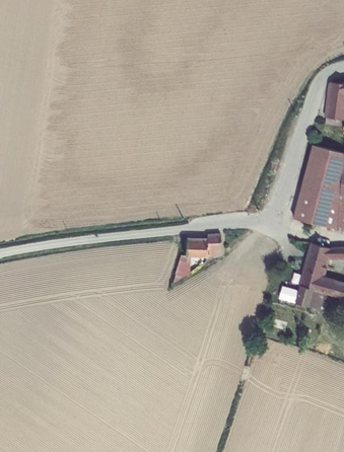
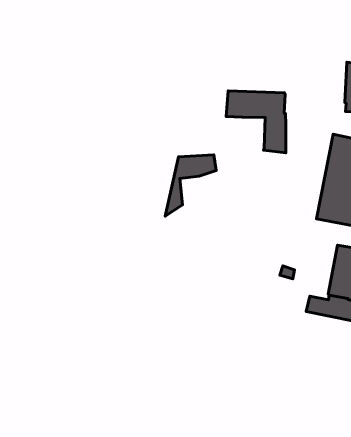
building: none -> [226,91,286,153]
building: [170,240,218,292] -> [165,155,216,216]

